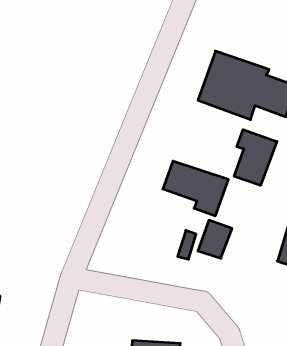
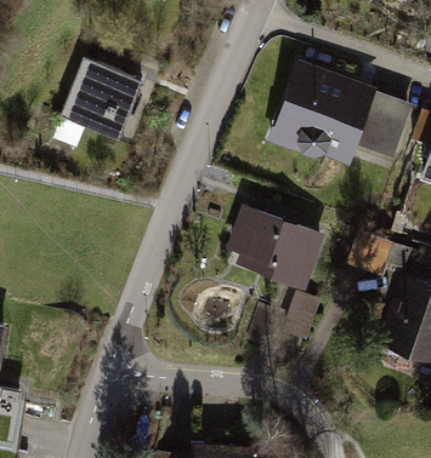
building: none -> [63,61,143,139]
building: [234,130,277,185] -> none

